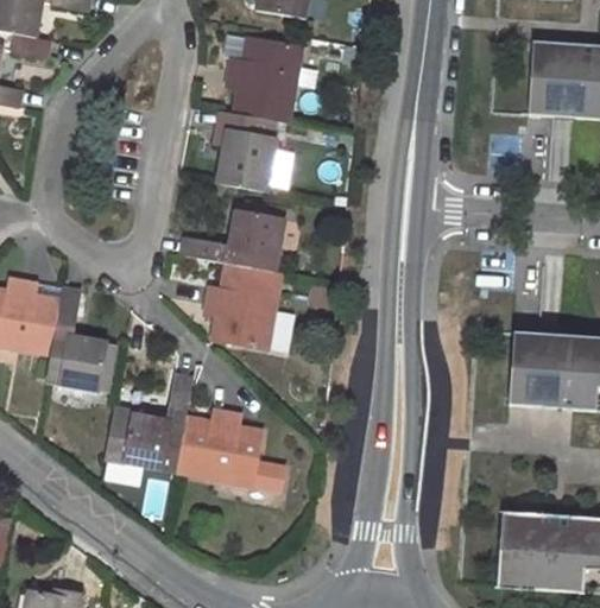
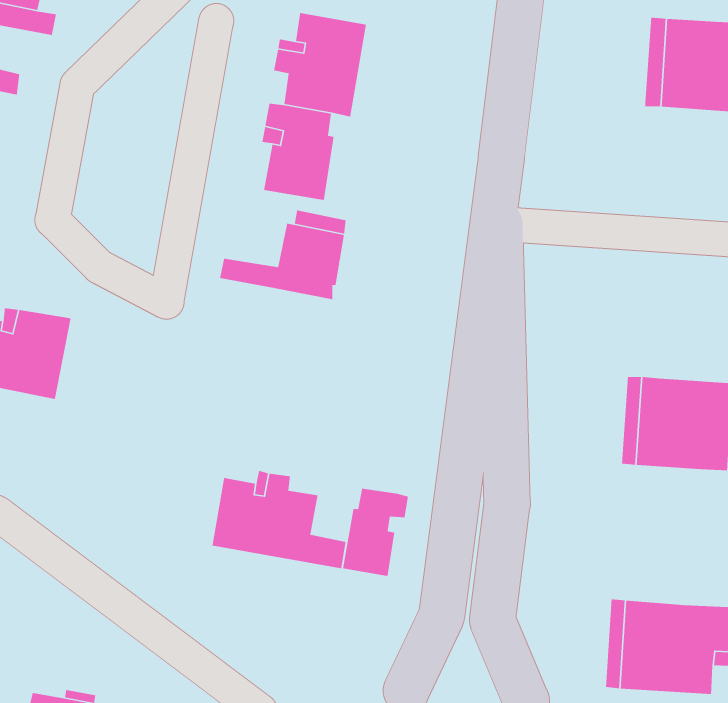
building: [204,262,282,348] -> none
building: [44,286,106,388] -> none
building: [125,375,192,470] -> none
building: none -> [342,488,409,577]

